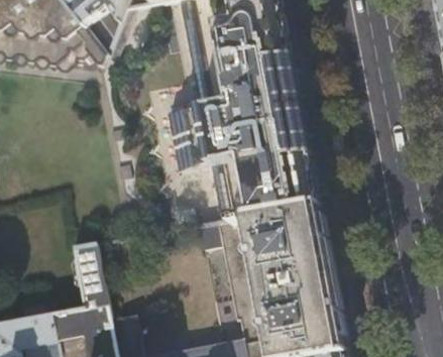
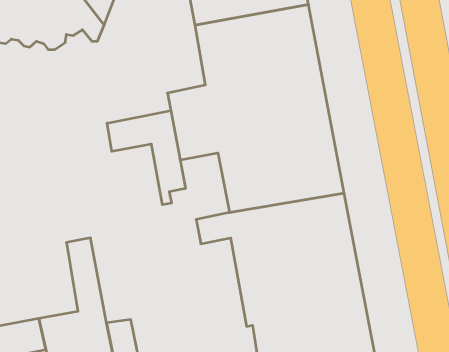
building: none -> [107,110,185,205]

